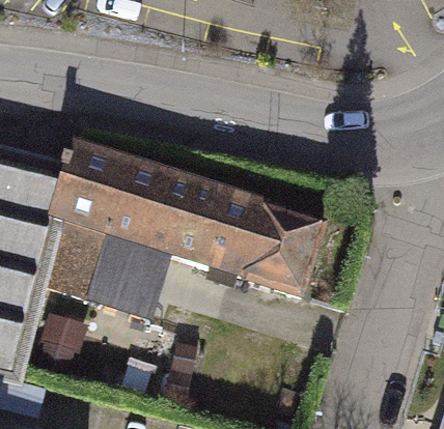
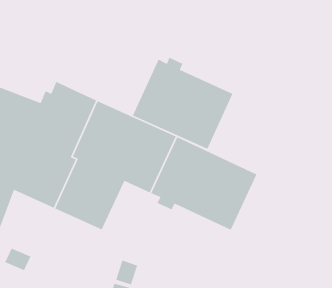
building: none -> [132,57,233,150]

